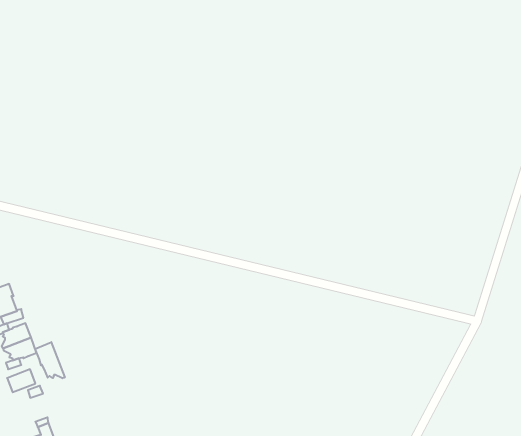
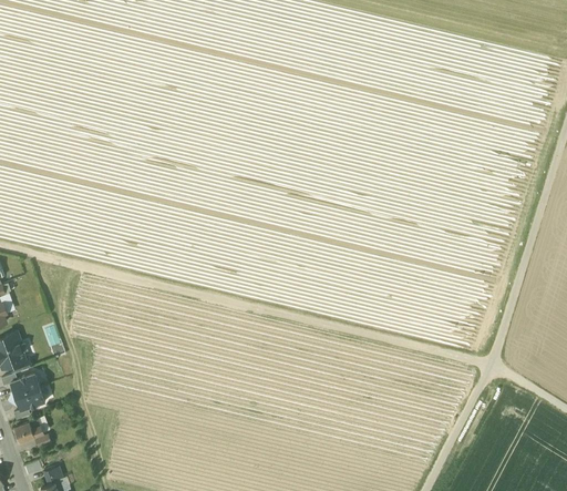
building: [35,342,65,378] -> none

